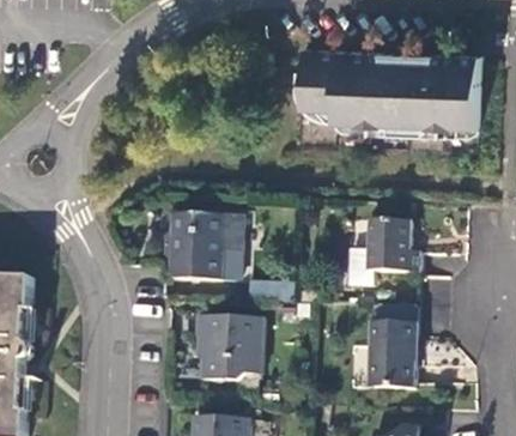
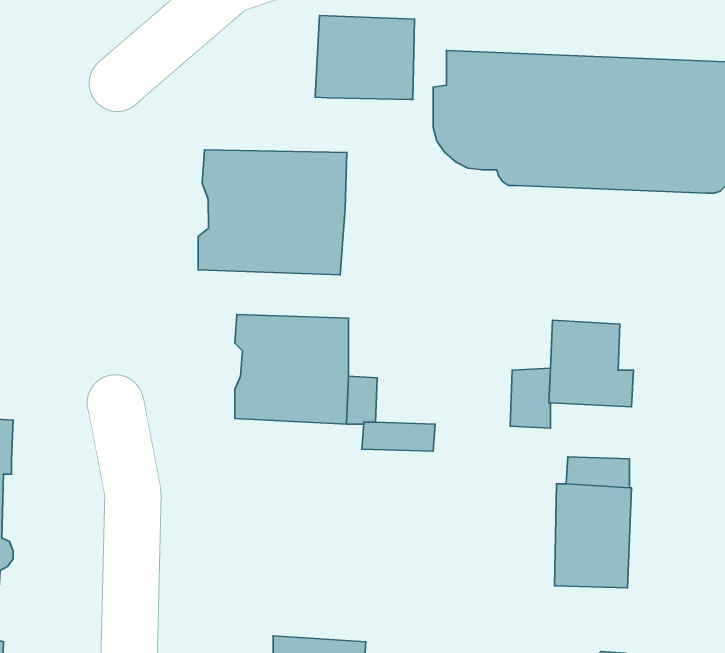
building: none -> [315,15,414,100]
building: none -> [198,150,347,275]
building: [198,314,260,379] -> none

